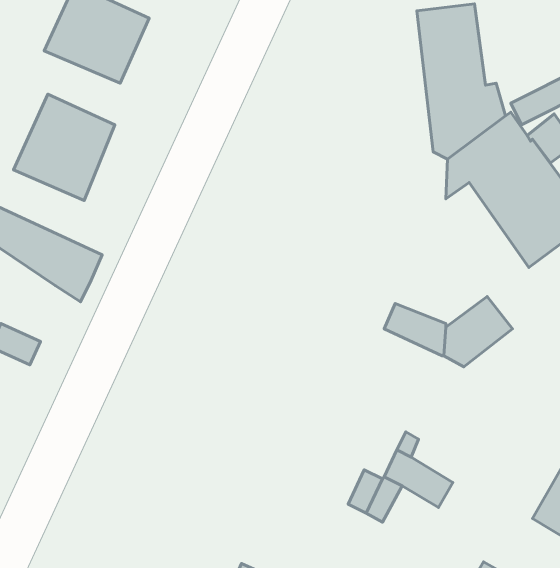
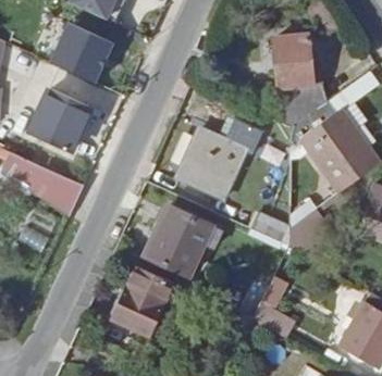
building: none -> [178,117,261,197]
building: none -> [148,208,209,274]
building: none -> [110,265,174,337]

